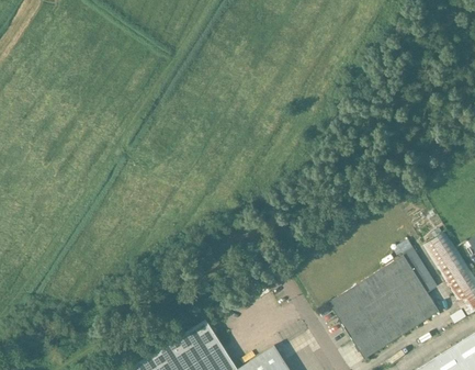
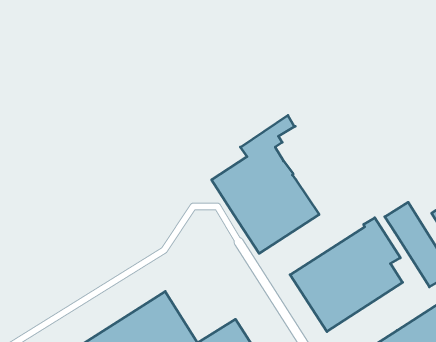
building: none -> [212,115,319,253]

